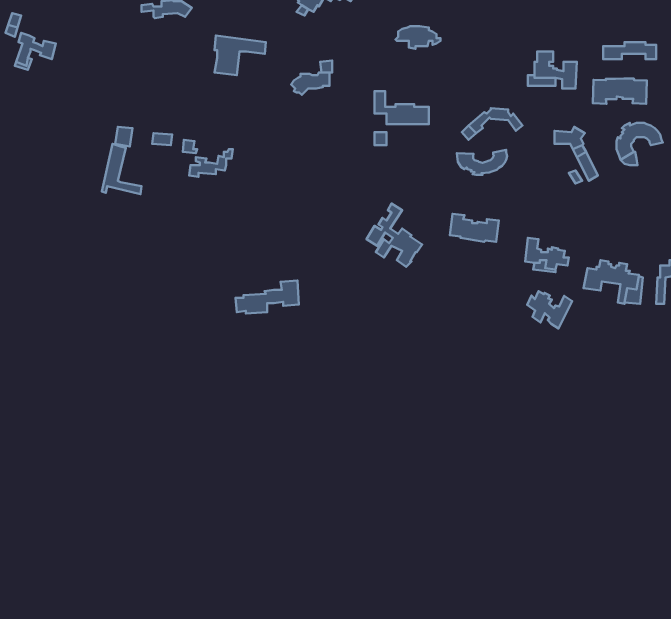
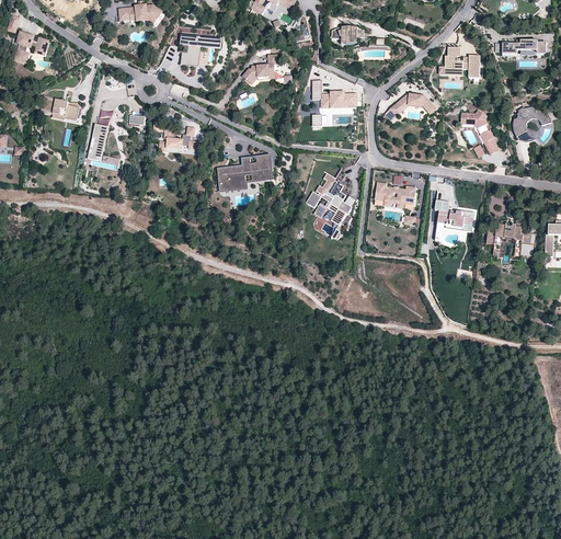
building: [593,79,647,104] -> none
building: none -> [42,96,79,117]
building: [457,150,507,175] -> none
building: [235,281,299,314] -> [218,156,271,183]
building: [527,291,572,328] -> none

